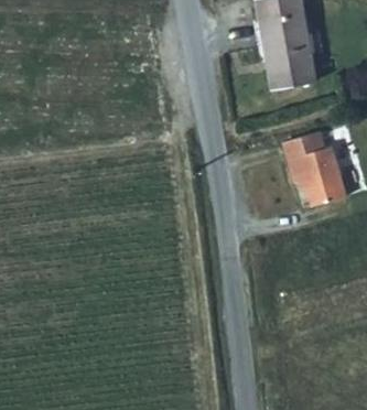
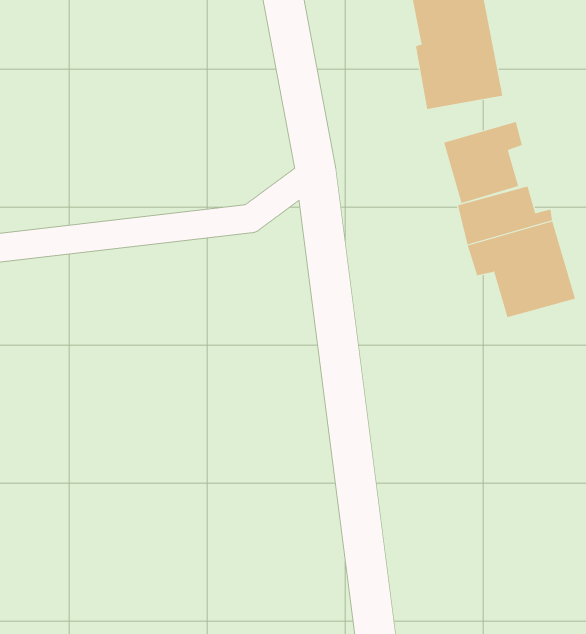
building: none -> [444,121,523,204]

